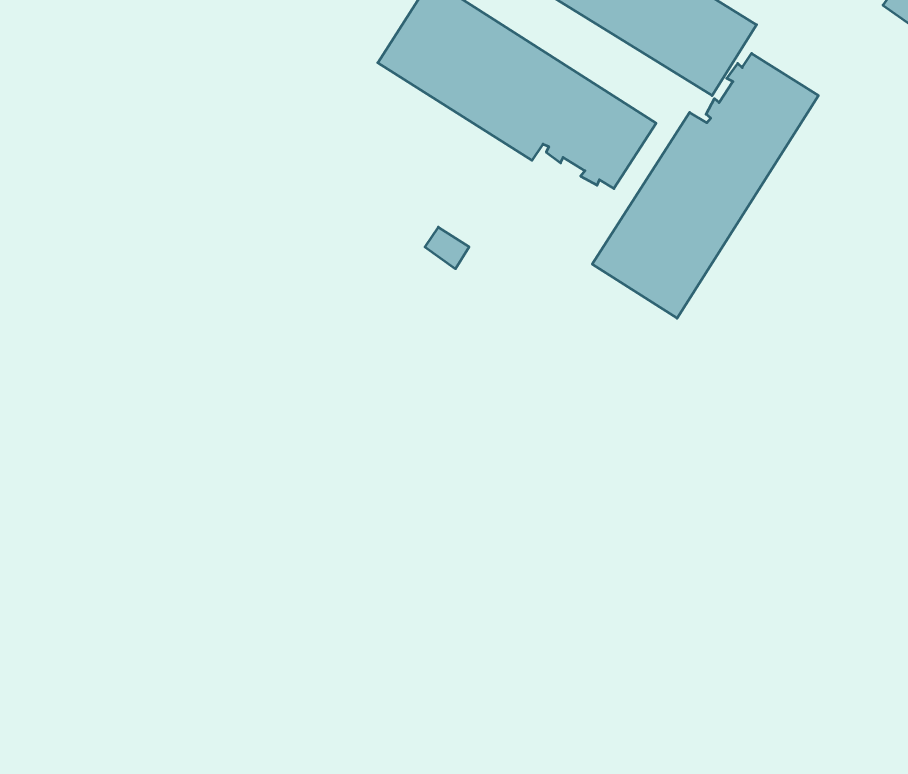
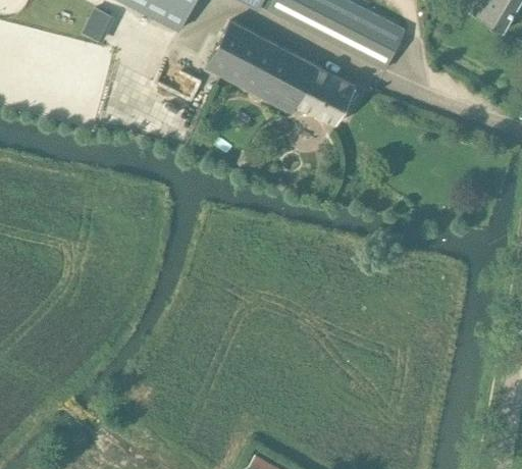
building: [592,53,818,318] -> none

